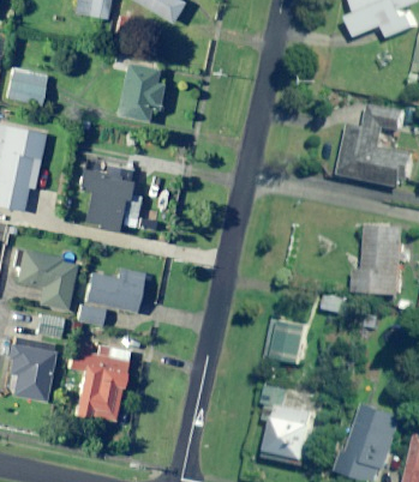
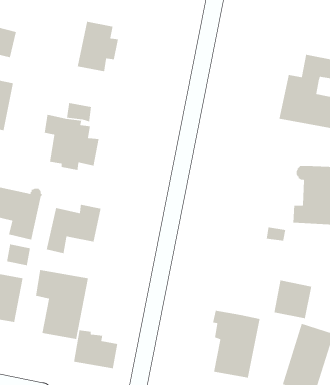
building: [268,319,311,363] -> [273,280,312,319]
building: none -> [73,329,118,369]

